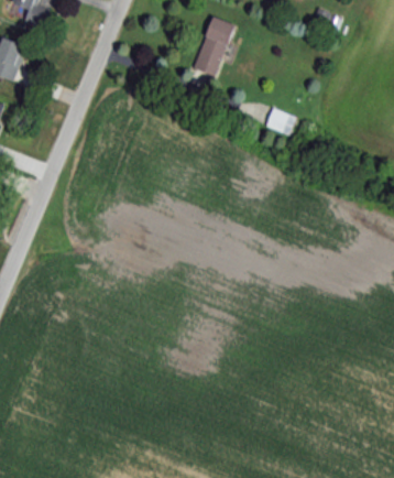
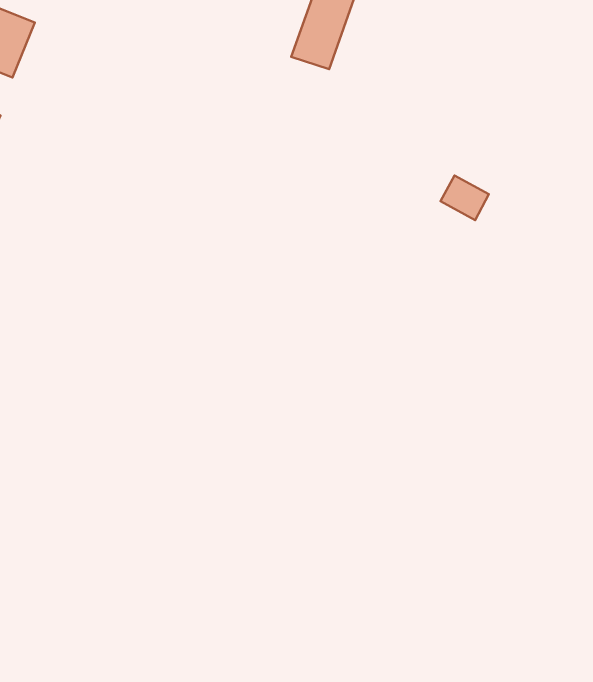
building: [265,107,296,135] -> [441,175,489,220]

